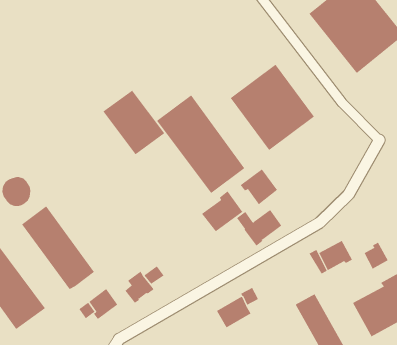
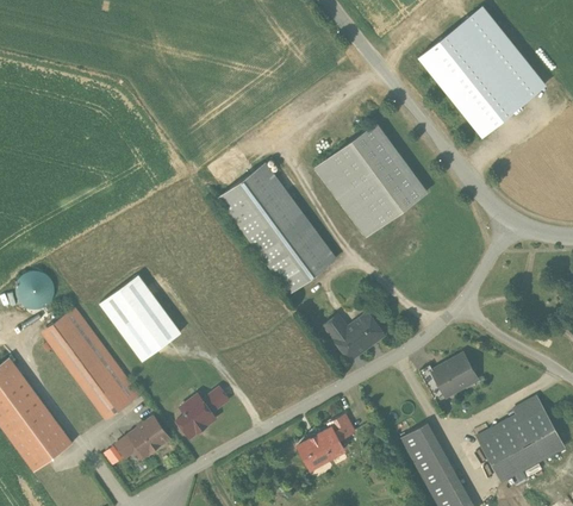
building: [103,90,165,155] -> [99,275,181,361]
building: [240,169,278,205] -> none
building: [201,191,243,232] -> none
building: [364,242,389,269] -> none

